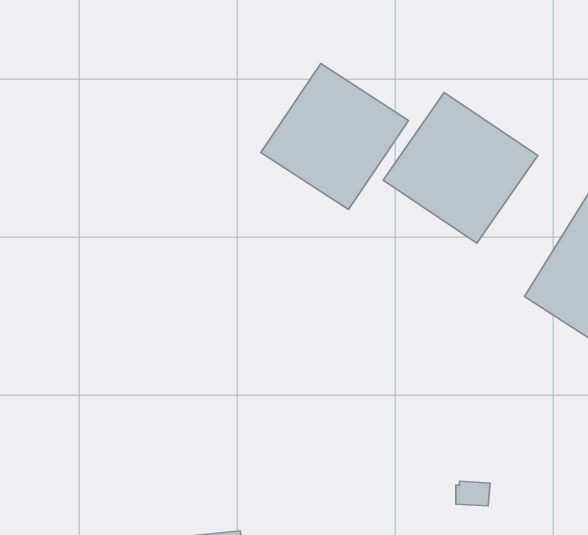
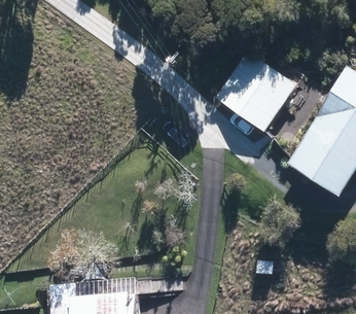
building: [261,64,409,209] -> none

